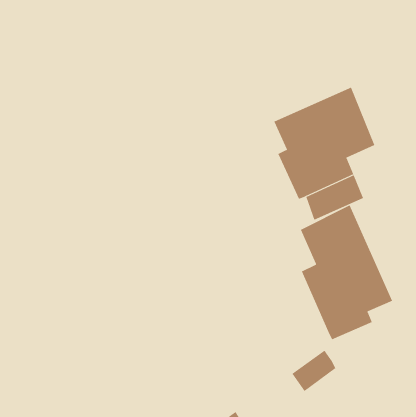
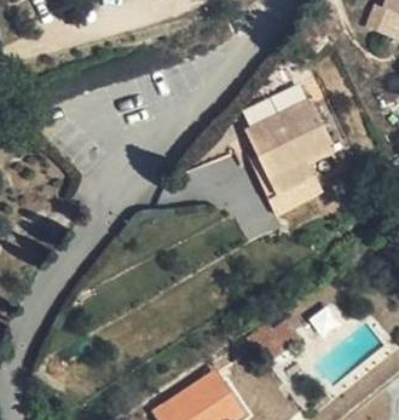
building: [300,205,393,340] -> none

